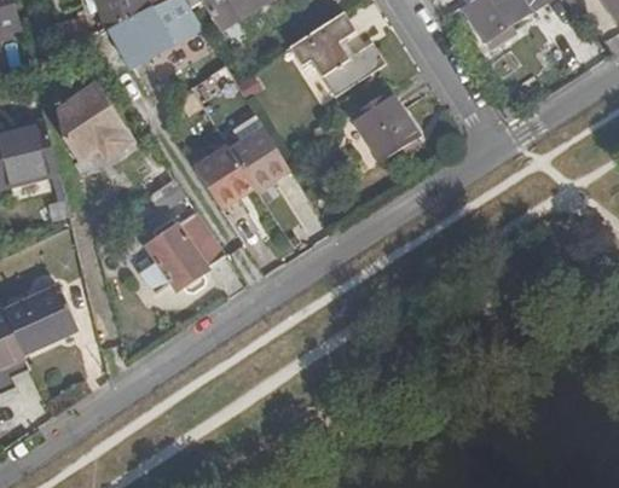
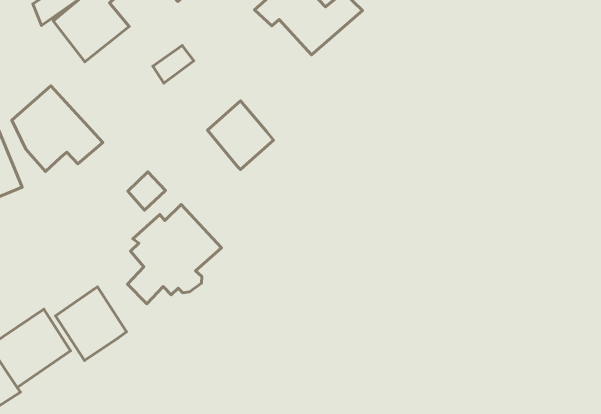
building: [352,91,418,161] -> none
building: [192,145,251,205] -> none
building: none -> [55,287,127,361]

